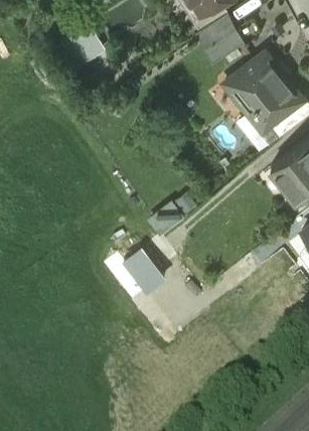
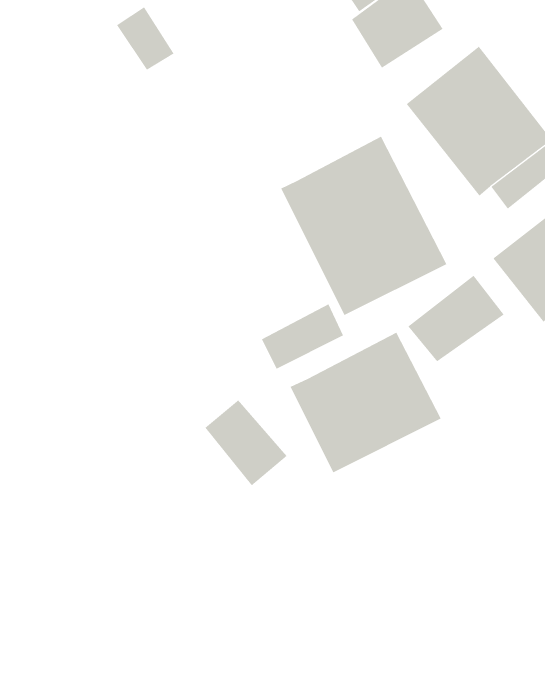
building: none -> [280,136,447,316]
building: none -> [408,275,505,362]
building: none -> [290,332,441,473]

